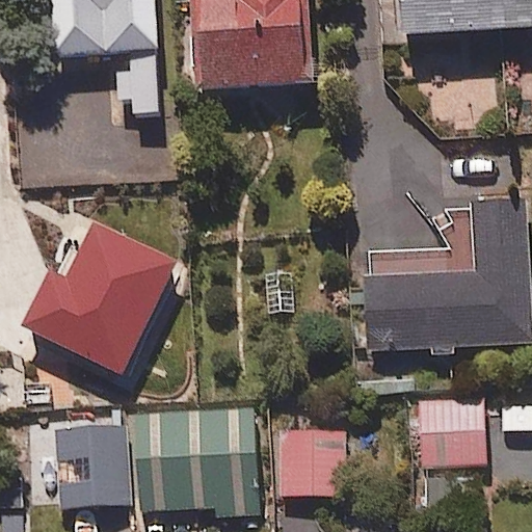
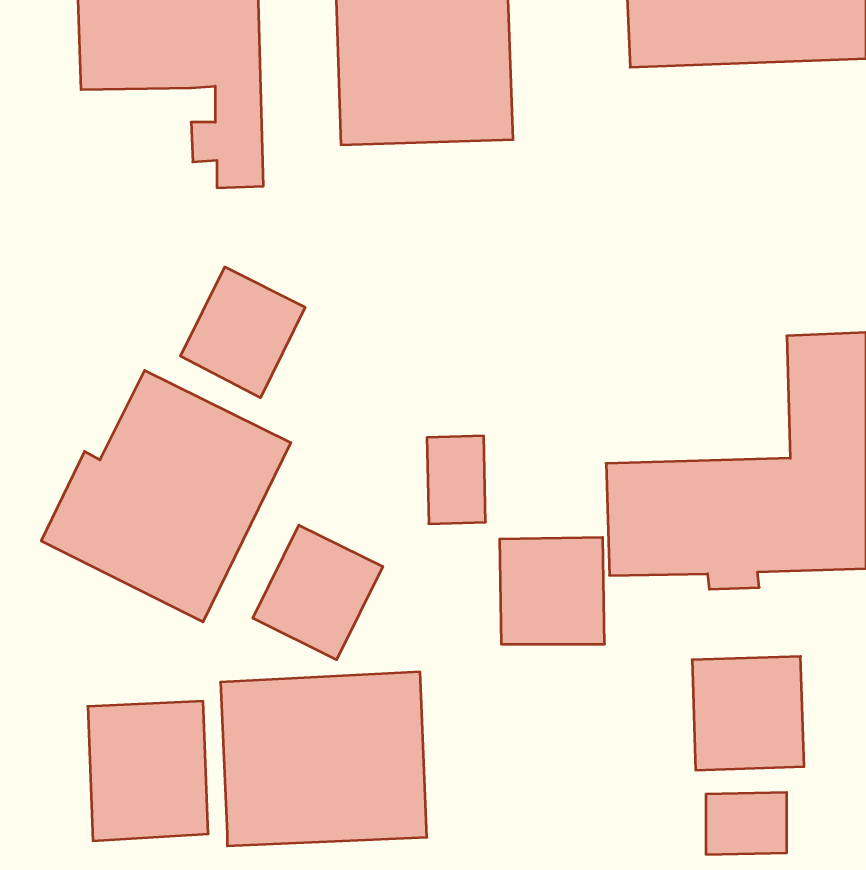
building: none -> [181,267,305,398]
building: none -> [253,525,383,660]
building: [278,429,342,494] -> [500,537,605,644]

